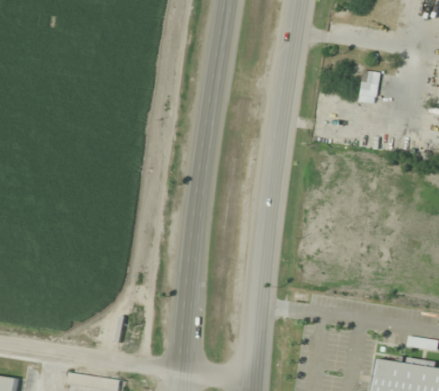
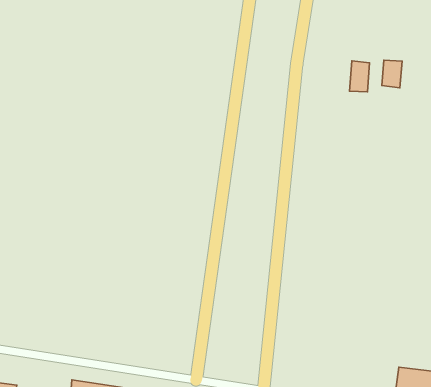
building: none -> [349,61,370,92]

